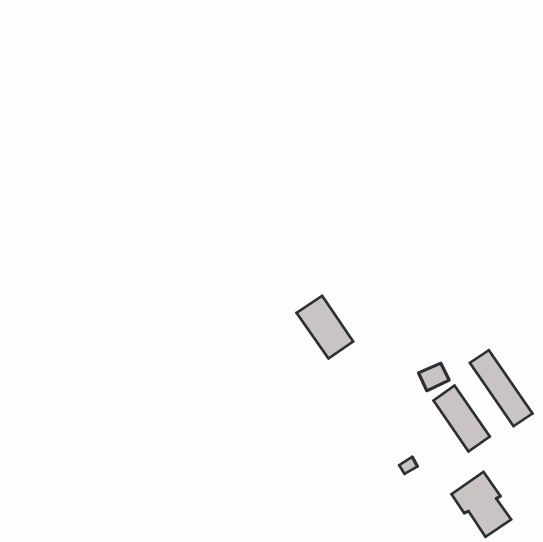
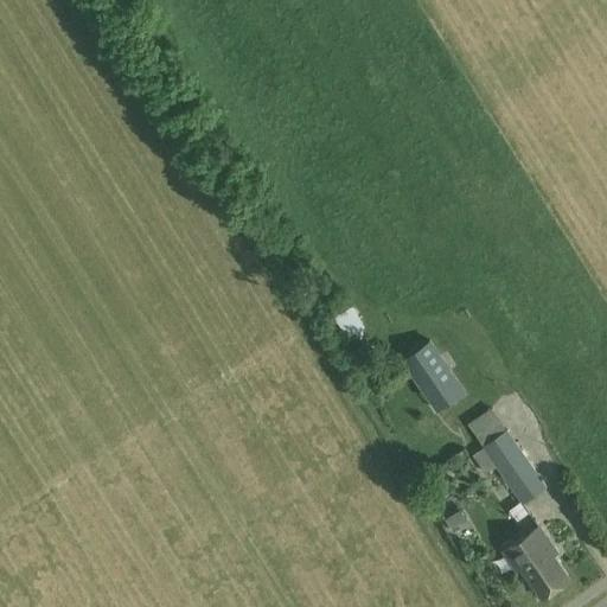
building: [297,296,353,359] -> [401,343,464,413]
building: [470,350,532,426] -> none

